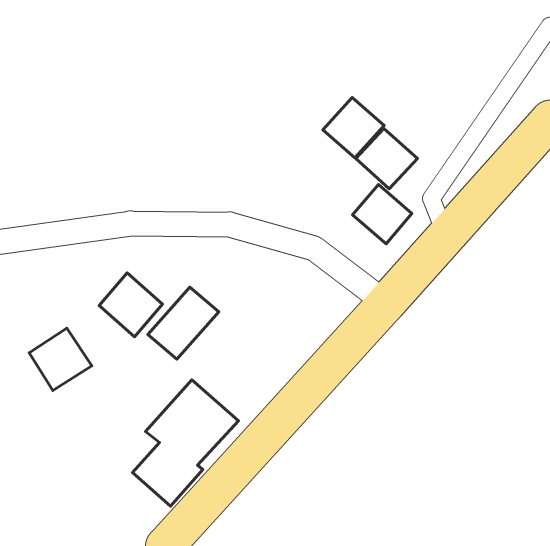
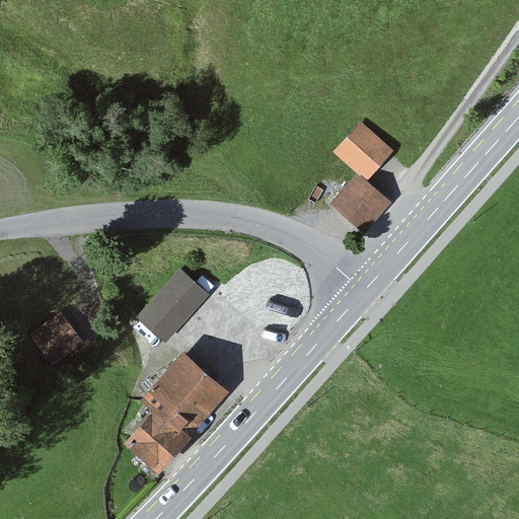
building: [323,97,384,158] -> none
building: [99,273,163,337] -> none

